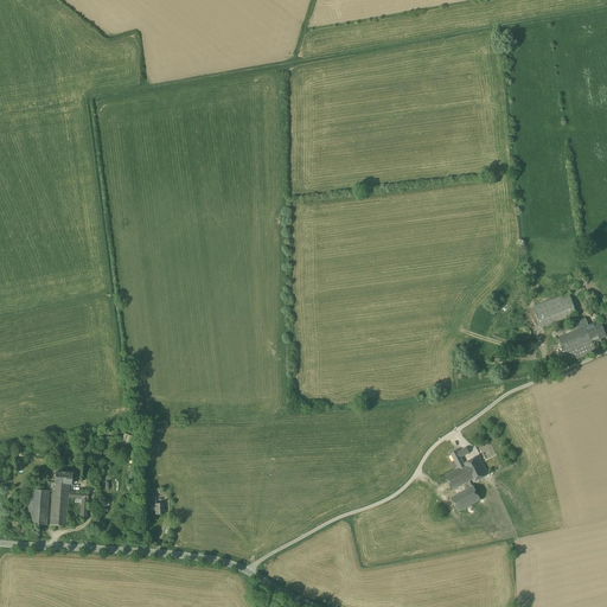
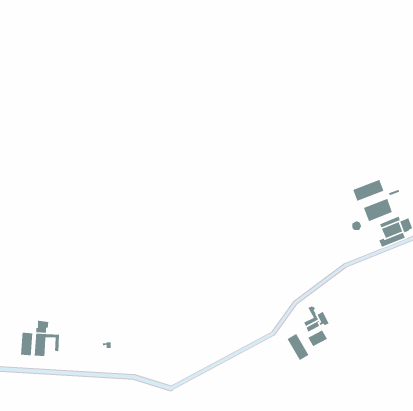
building: none -> [352,179,385,202]
building: none -> [287,333,309,361]

